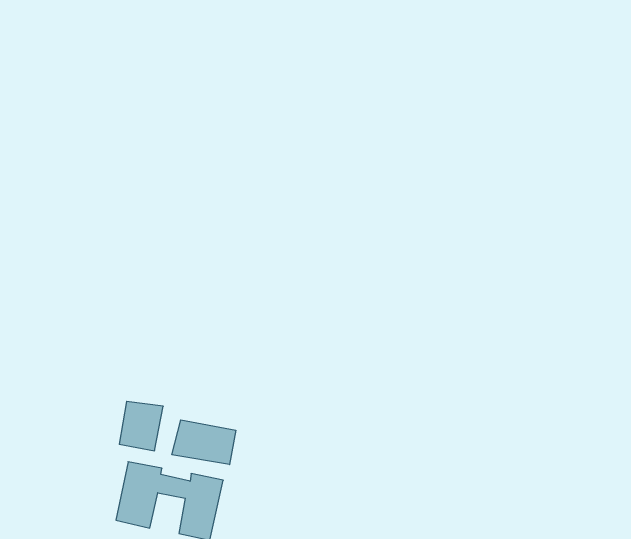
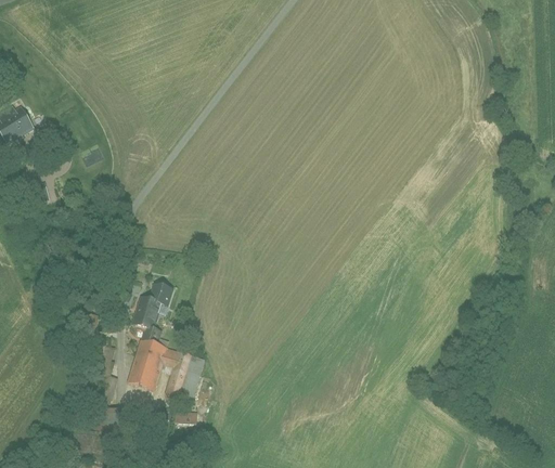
building: [172,420,236,465] -> none

